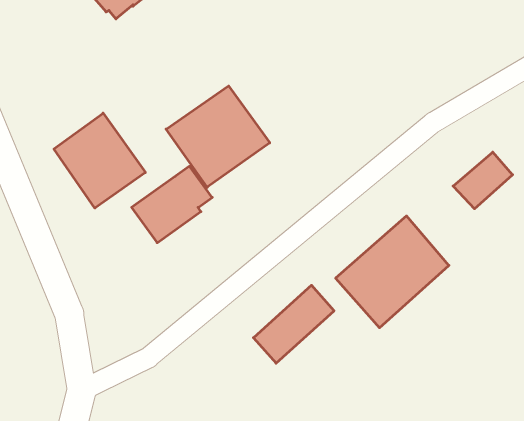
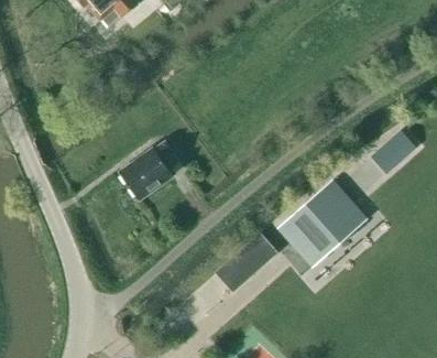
building: [166,86,270,187] -> none
building: [54,113,145,208] -> none

